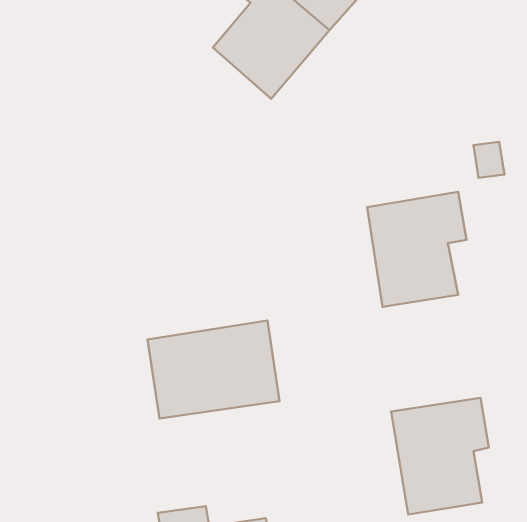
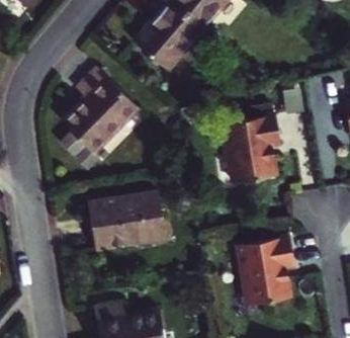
building: none -> [59,68,137,172]

